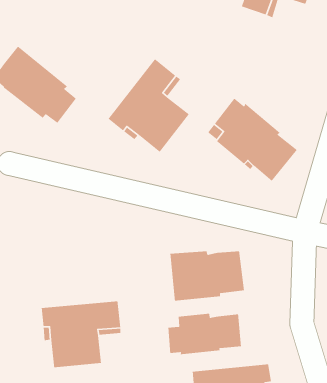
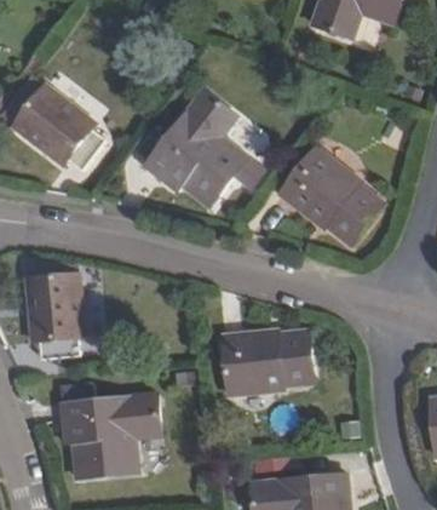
building: none -> [27,274,84,357]
building: [168,313,242,355] -> none

